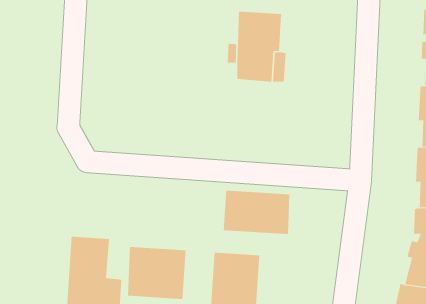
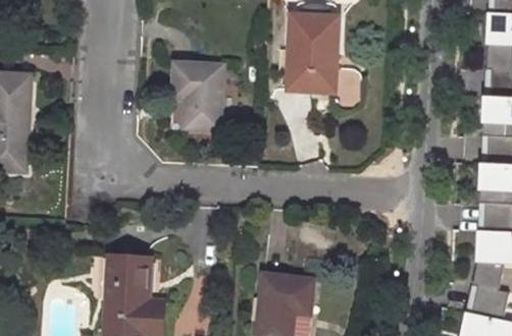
building: none -> [163,63,223,128]
building: [223,190,290,235] -> none
building: [127,246,186,300] -> none

